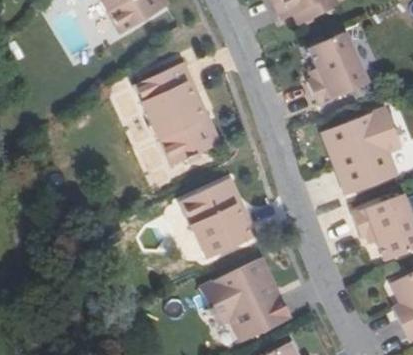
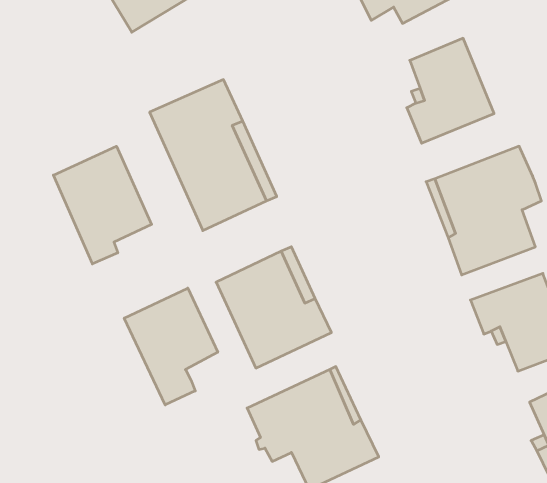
building: none -> [53,146,152,264]
building: none -> [124,288,218,405]

